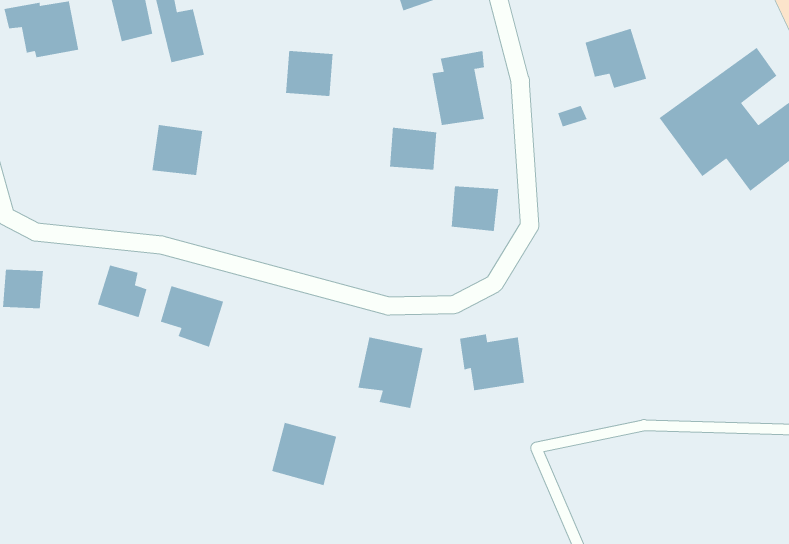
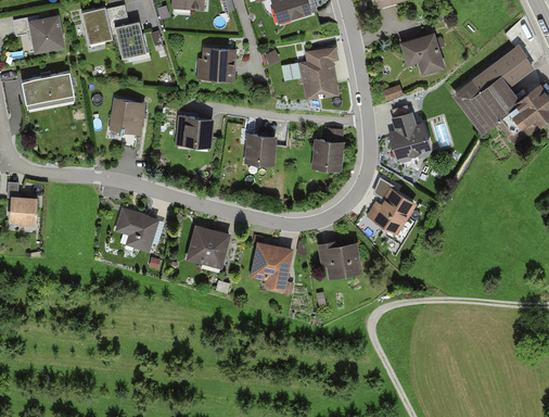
building: none -> [22,72,74,103]
building: [389,127,437,170] -> [245,135,278,164]
building: none -> [390,112,432,160]
building: none -> [178,116,215,150]
building: none -> [367,188,418,236]
building: [97,264,148,318] -> none
building: [271,422,337,486] -> [187,225,231,268]

